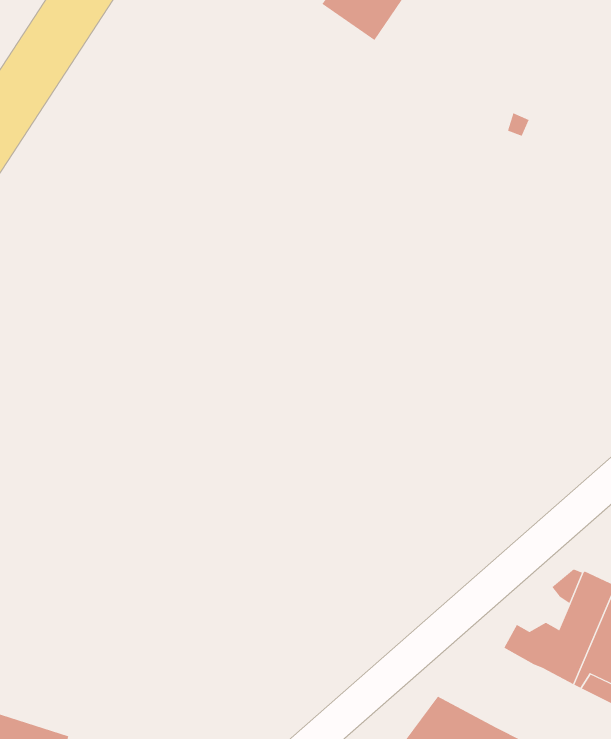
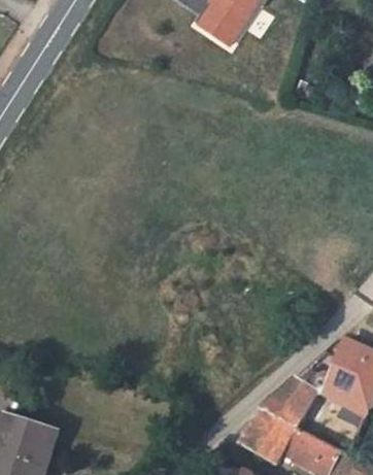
building: none -> [258,379,315,428]

